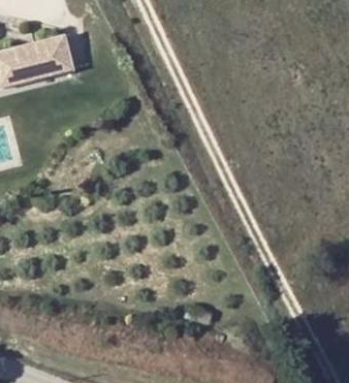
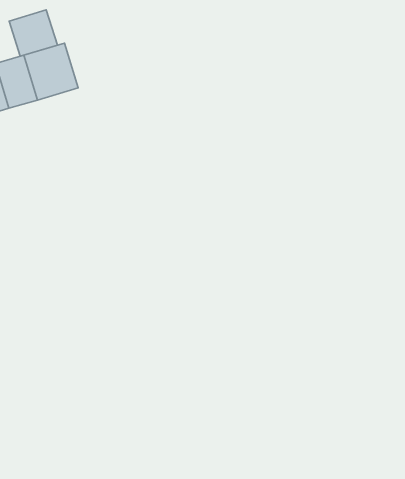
building: none -> [9,10,57,56]

